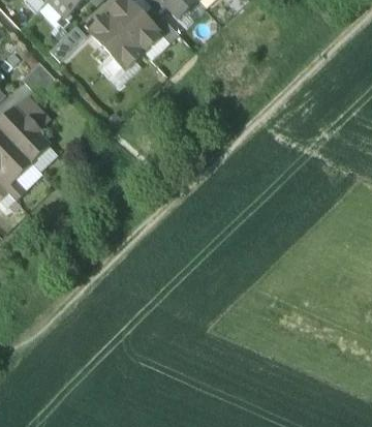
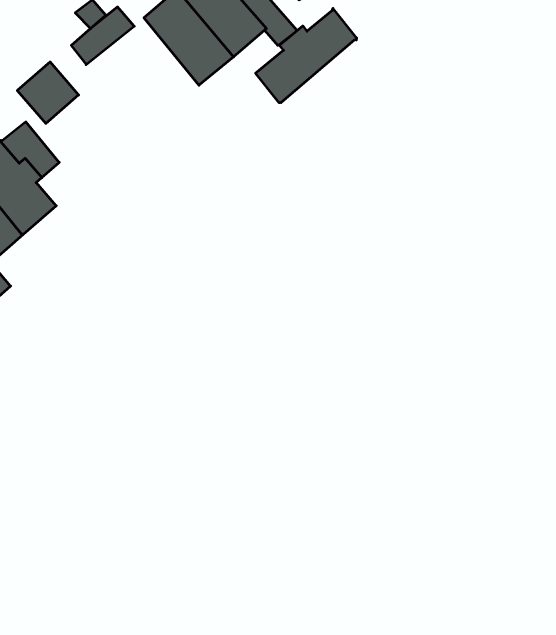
building: none -> [256,8,357,103]

